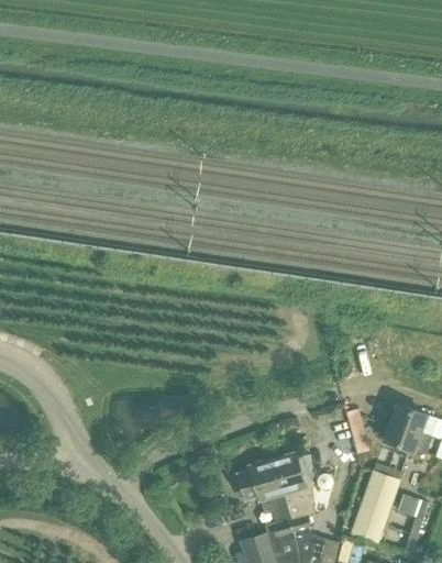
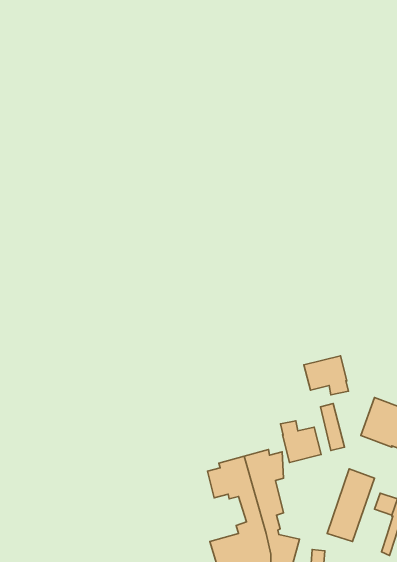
building: none -> [304,356,348,395]
building: none -> [280,421,321,462]

